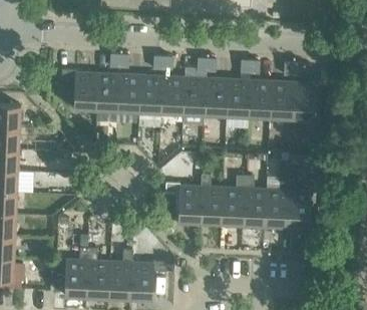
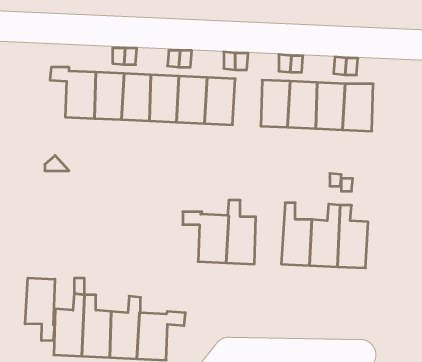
building: [204,79,227,116] -> none
building: [221,176,245,225] -> none
building: none -> [25,278,55,341]

